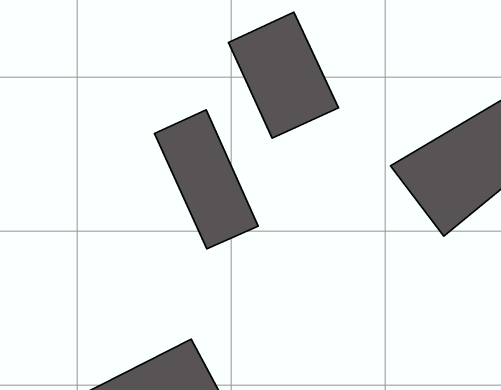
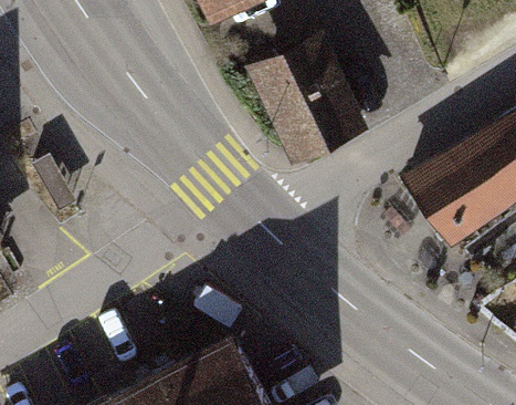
building: [154,110,258,249] -> none

